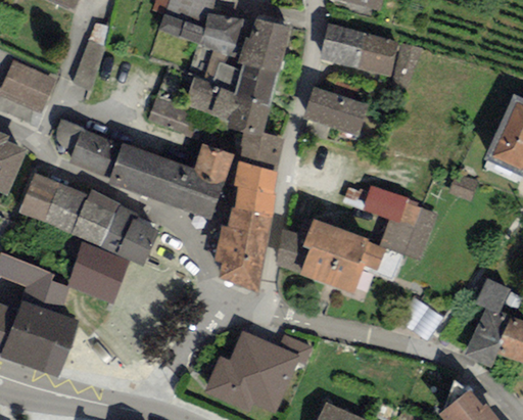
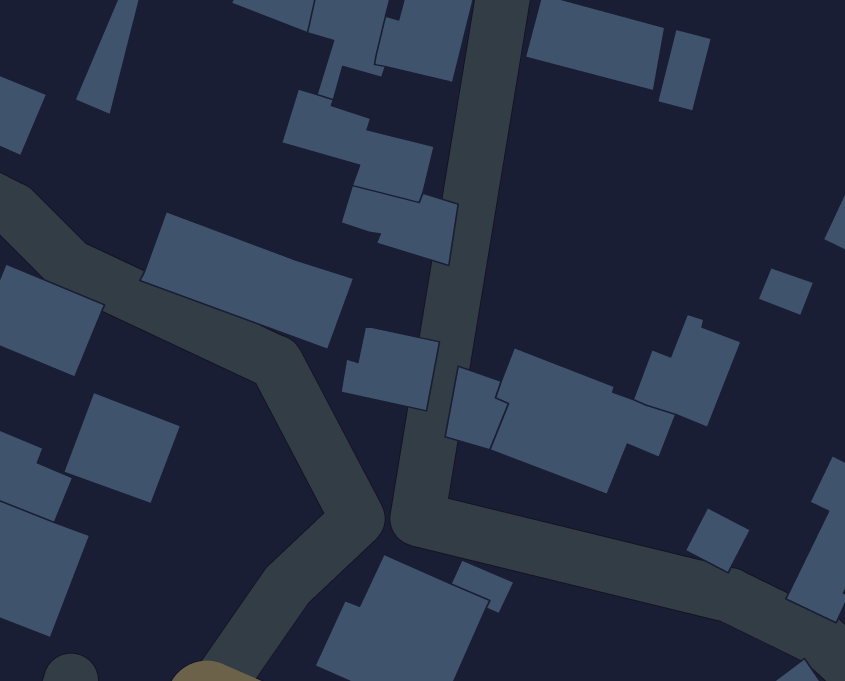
building: [212,63,277,107] -> none
building: [302,87,368,136] -> none
building: [147,97,201,137] -> none
building: [55,119,122,177] -> none
building: [193,144,233,180] -> none
building: [233,160,277,215] -> none
building: [362,185,408,223] -> none
building: [72,189,159,267] -> none
building: [212,242,265,294] -> none

